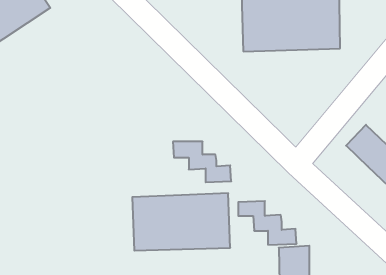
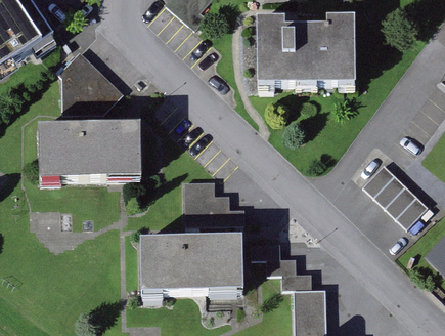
building: none -> [59,47,123,110]
building: none -> [40,124,146,181]

